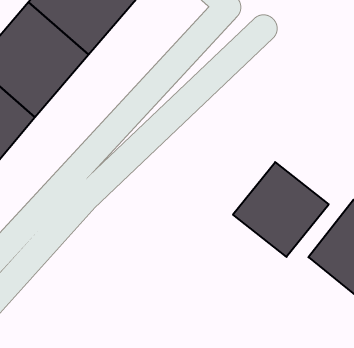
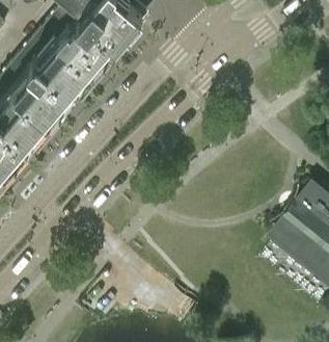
building: [233,162,329,257] -> none

